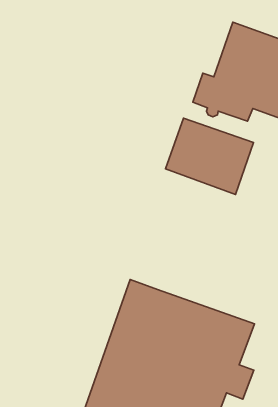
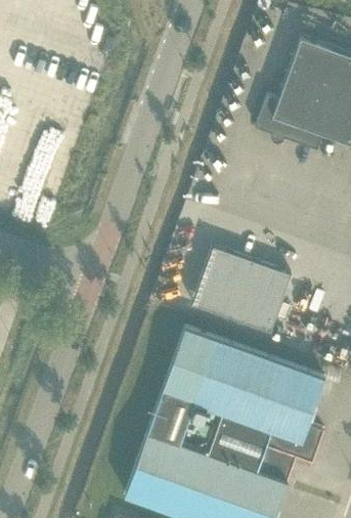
building: [165,118,254,194] -> [191,248,291,334]

